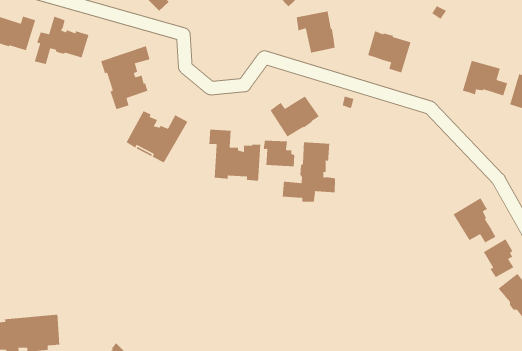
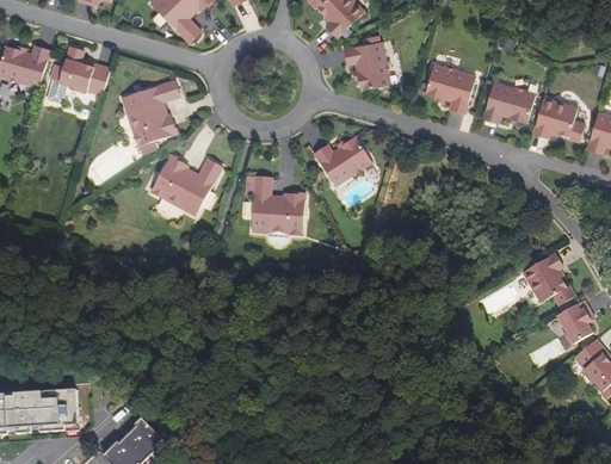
building: none -> [482,81,535,122]
building: [263,140,295,167] -> none
building: [282,142,336,203] -> none

